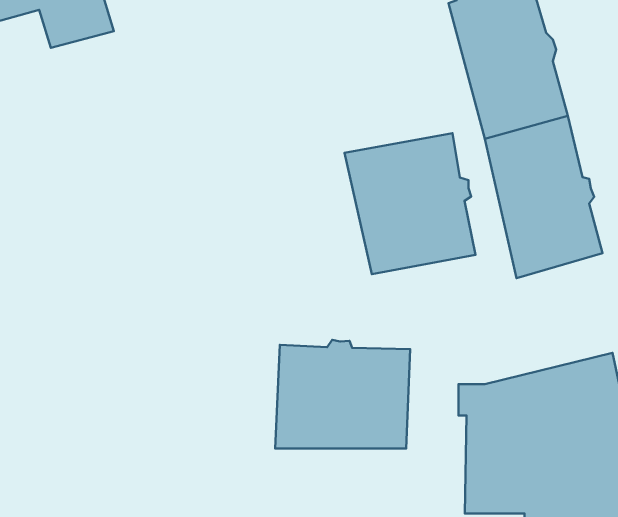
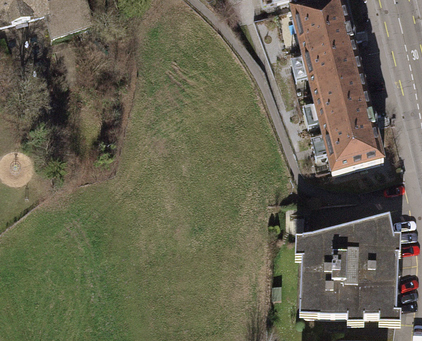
building: [344,133,475,274] -> none
building: [275,340,410,448] -> none

